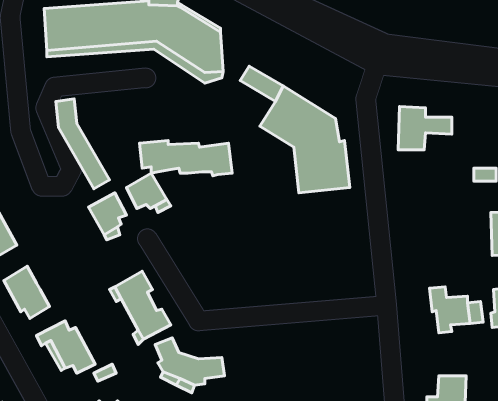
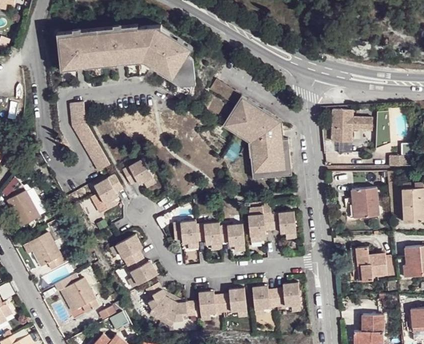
building: [140,141,232,176] -> [173,223,244,250]
building: none -> [351,188,378,218]
building: none -> [247,214,295,241]
building: none -> [250,283,299,311]
building: none -> [196,287,245,315]

